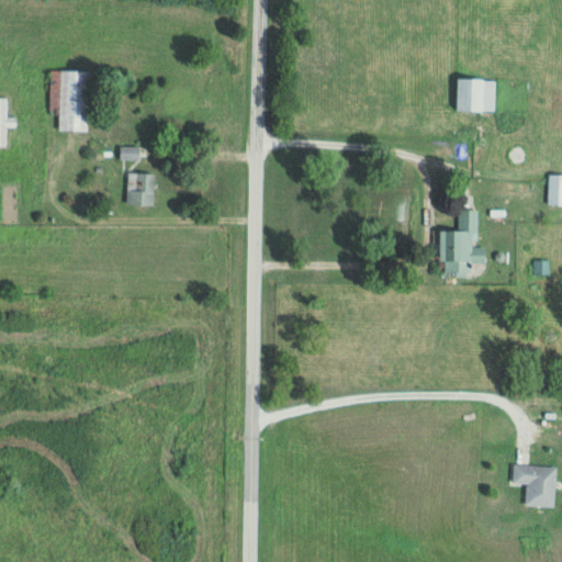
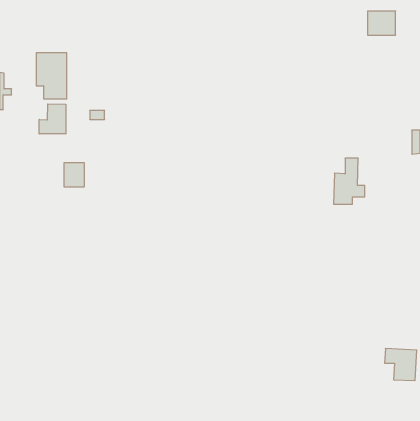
building: [459,79,496,111] -> [368,11,396,35]
building: none -> [39,104,66,134]
building: [126,173,154,205] -> [64,163,84,187]

